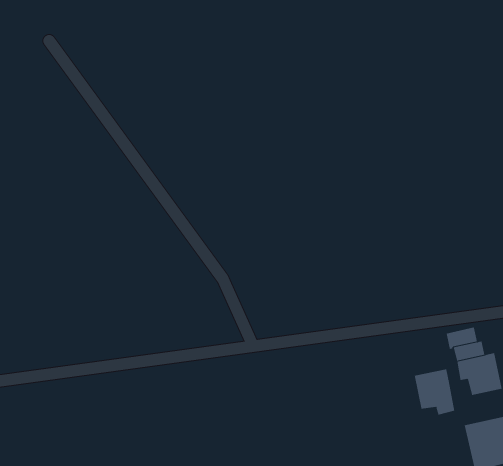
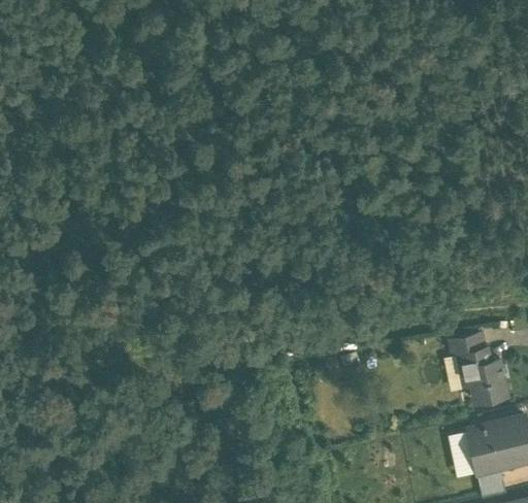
building: [414,368,455,416] -> none

